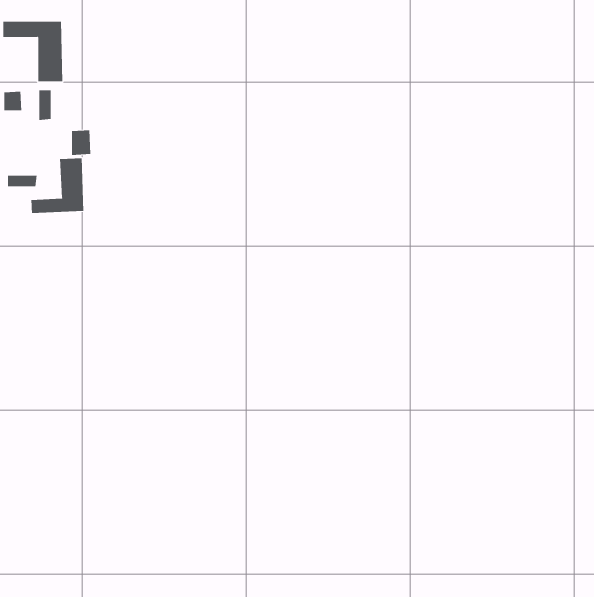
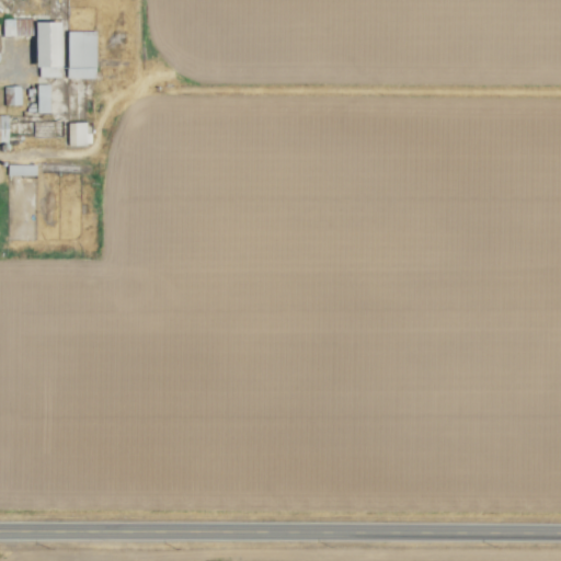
building: none -> [69,31,99,78]
building: [31,158,84,214] -> none

